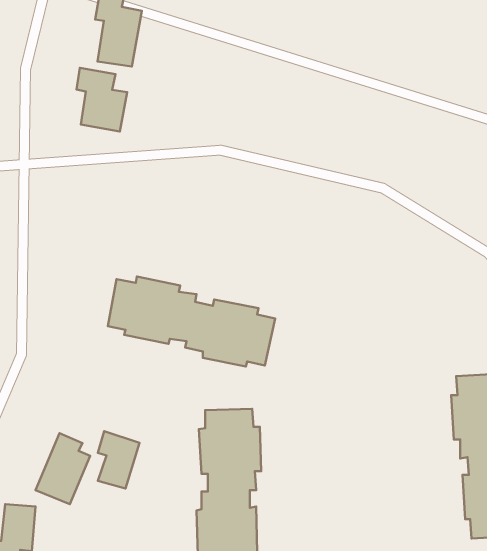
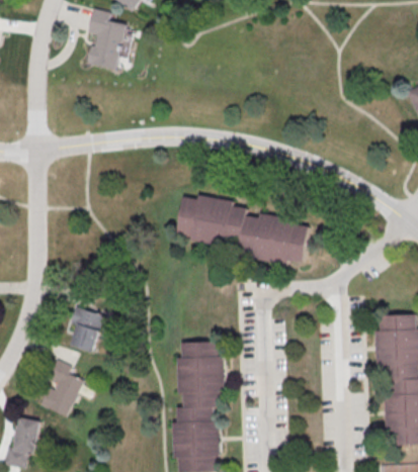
building: [76,68,127,131] -> none
building: [108,277,275,367] -> [181,195,315,267]
building: [98,431,139,488] -> [72,306,105,352]

